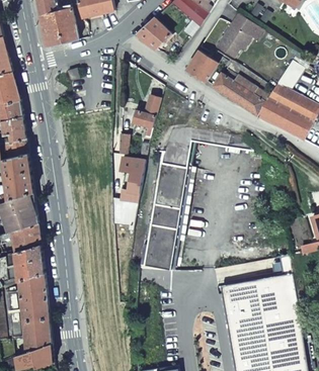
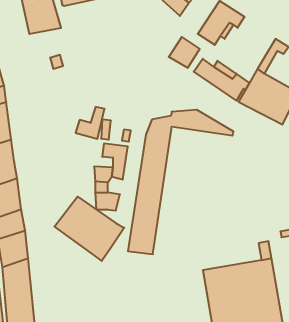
building: [137,18,169,49] -> none
building: [131,96,160,128] -> [76,107,105,139]
building: none -> [54,197,124,261]

